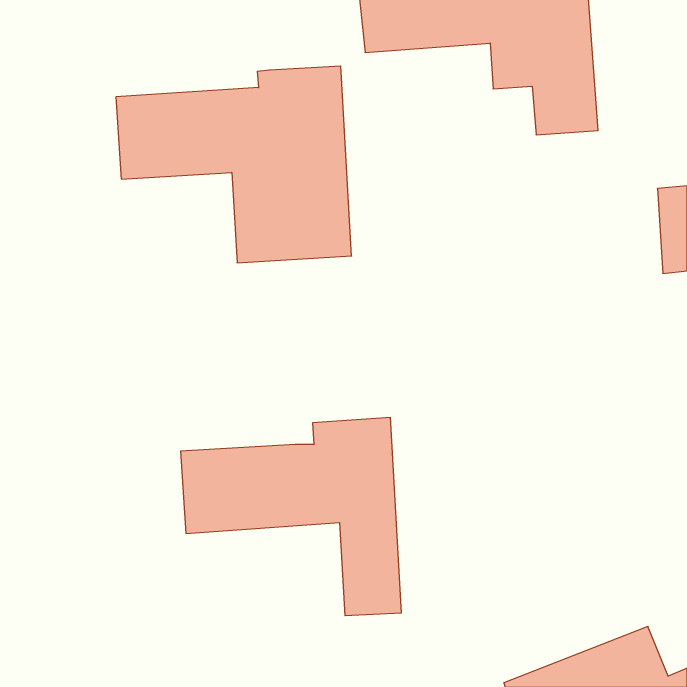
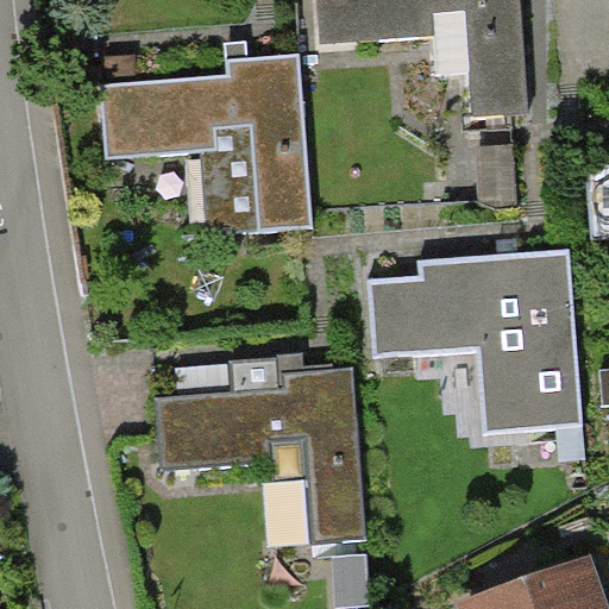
building: none -> [375,251,580,429]

